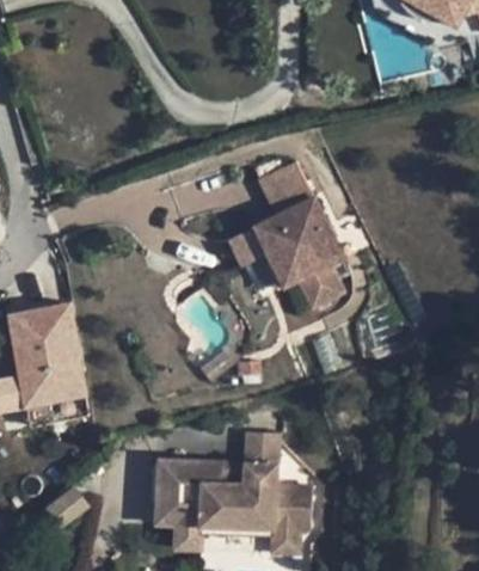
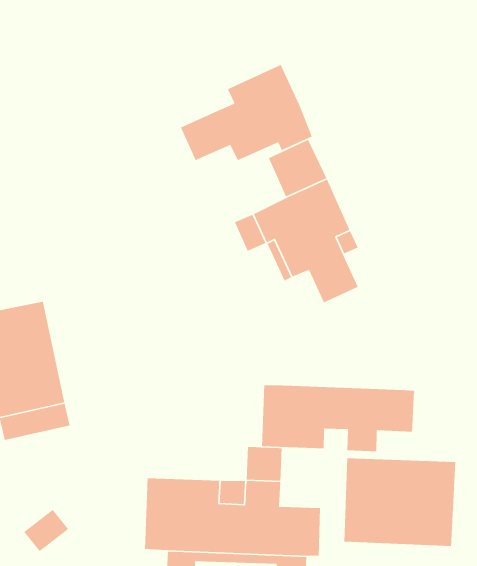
building: none -> [180,64,313,161]
building: none -> [261,385,415,452]
building: none -> [344,457,456,547]

